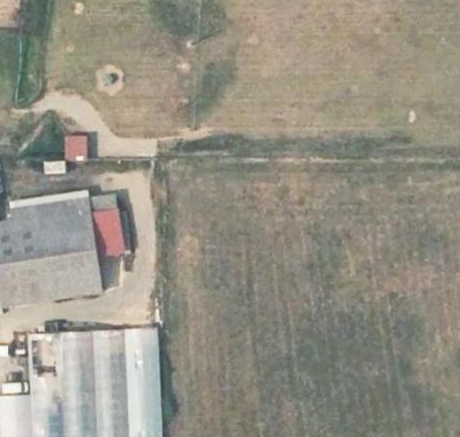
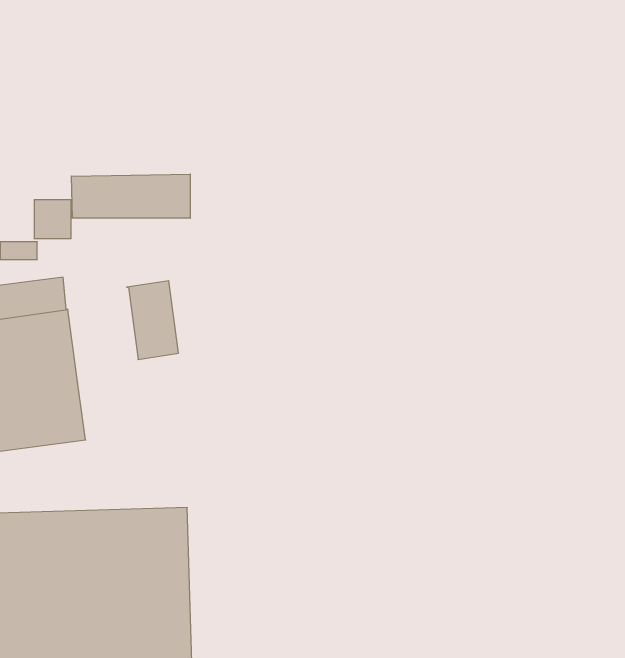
building: none -> [71,174,190,218]
building: [86,206,118,256] -> [127,281,178,360]

